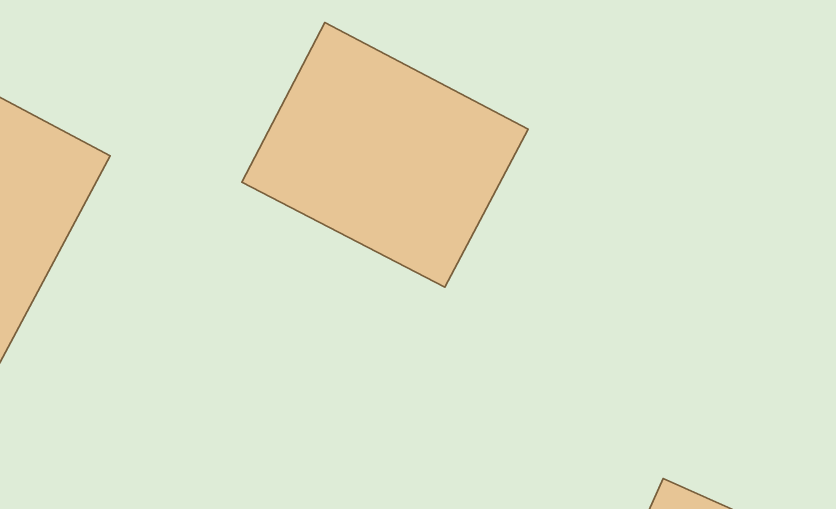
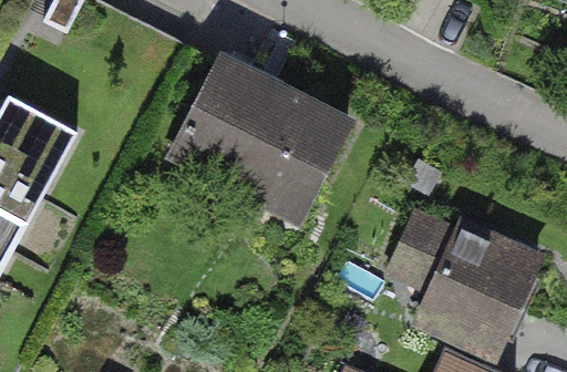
building: none -> [394,215,537,353]

